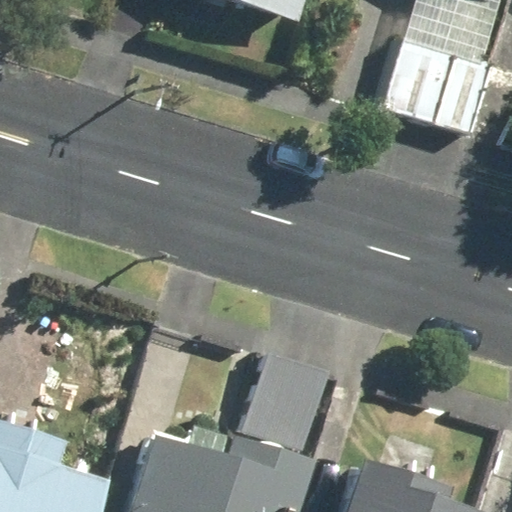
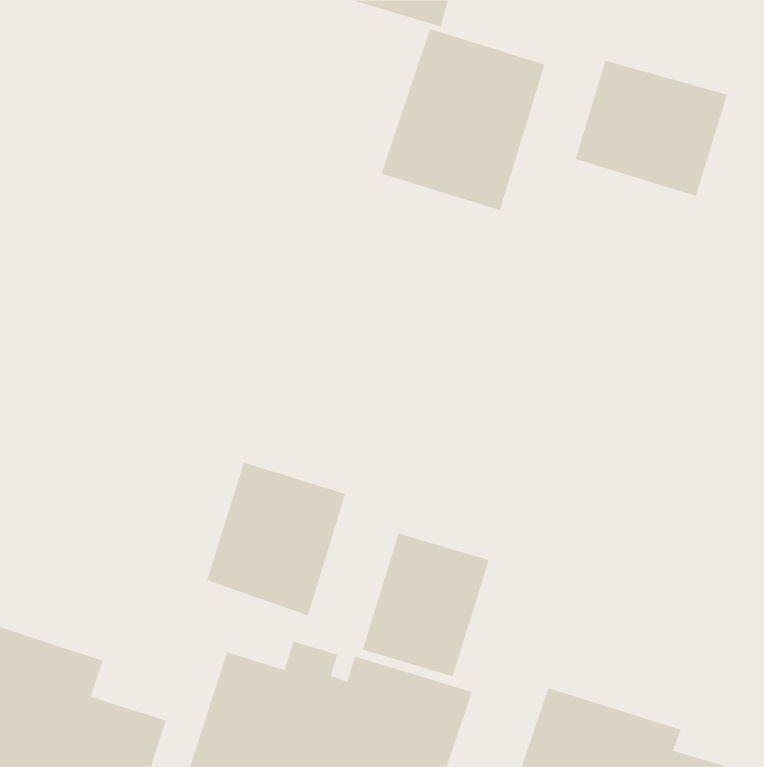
building: none -> [381,28,545,211]
building: none -> [206,462,346,616]

